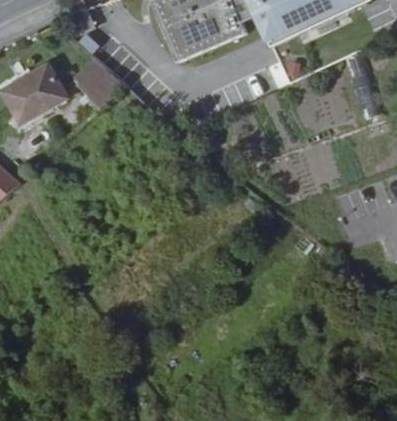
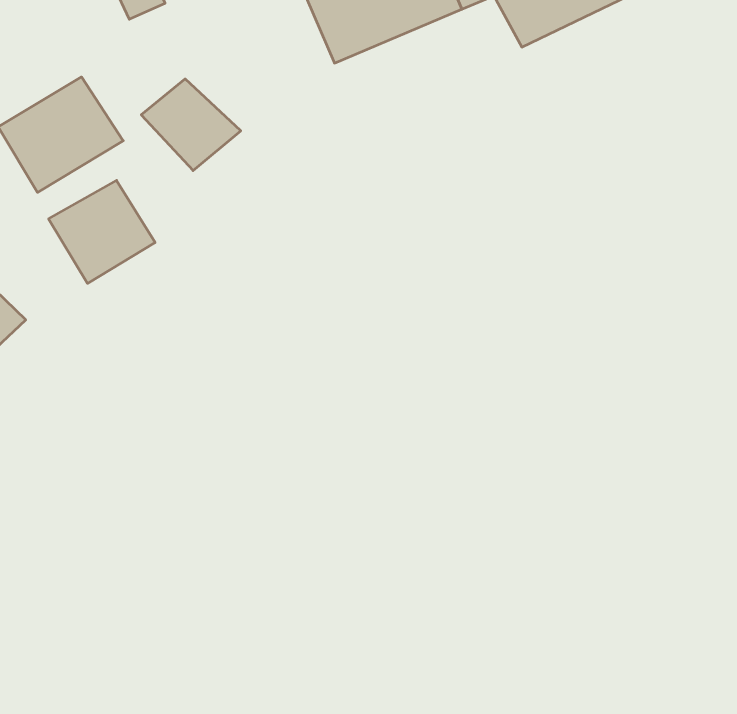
building: none -> [49,180,155,283]

